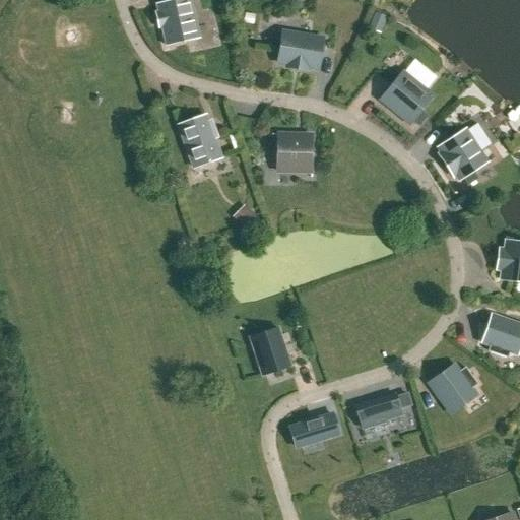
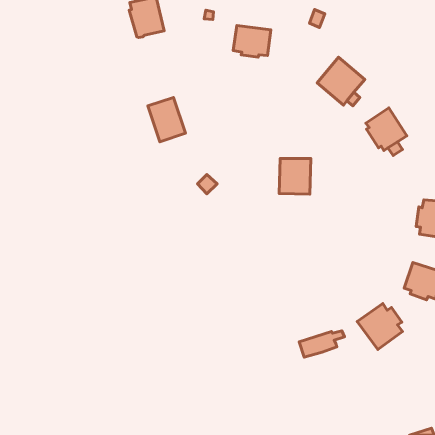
building: [277,131,315,174] -> [279,158,311,194]
building: [249,327,289,373] -> none
building: [291,413,340,445] -> none

